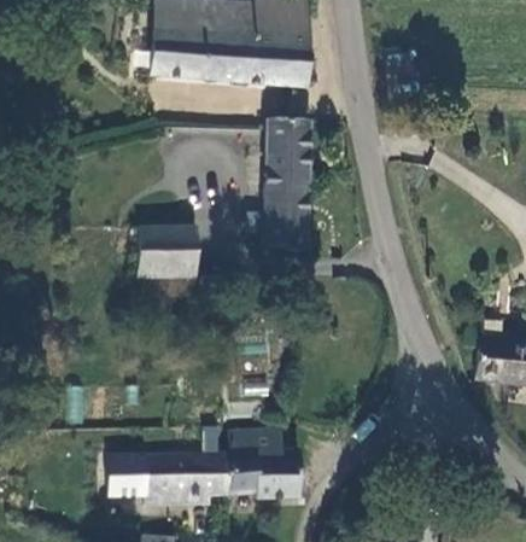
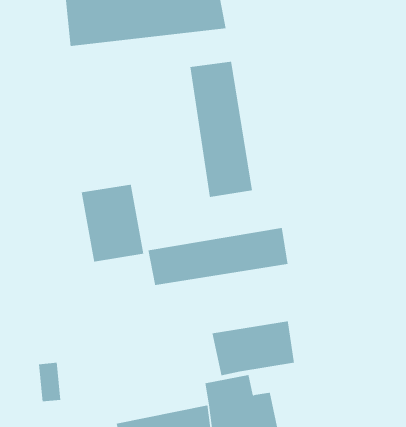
building: none -> [148,227,288,286]
building: none -> [212,321,294,376]

